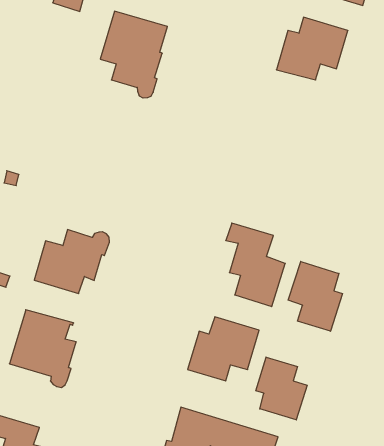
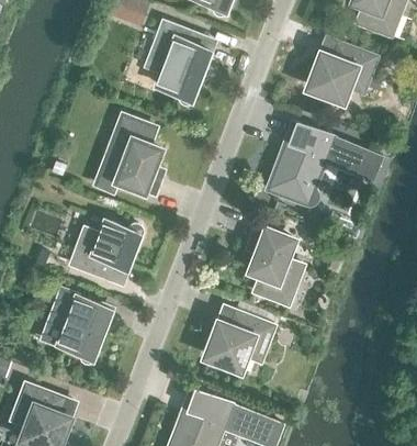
building: none -> [270,124,382,205]
building: none -> [95,115,160,194]
building: [288,261,342,331] -> none
building: [256,357,307,420] -> none

